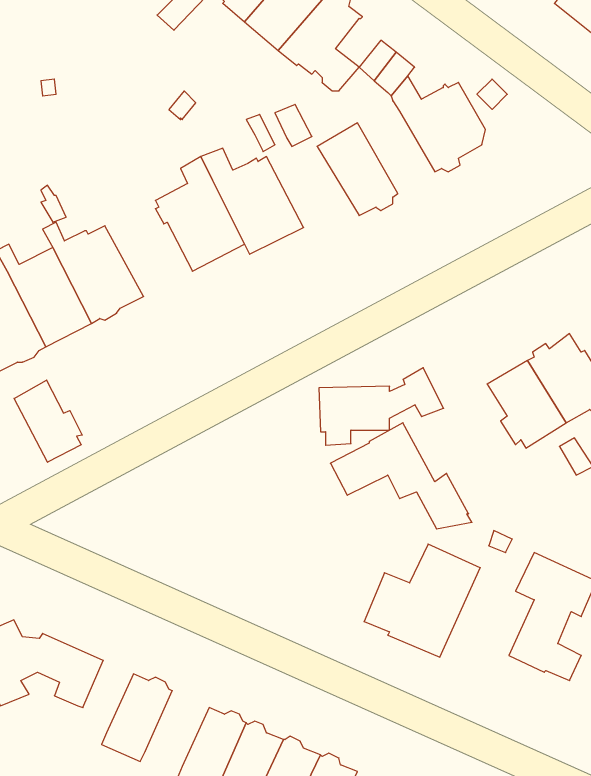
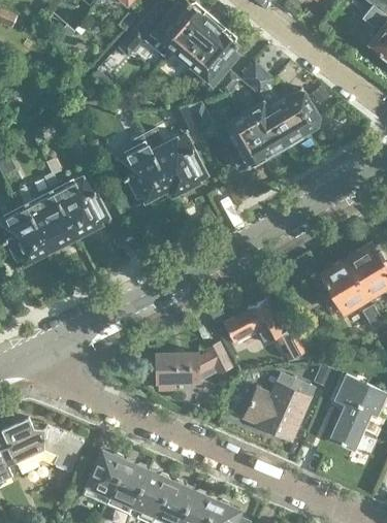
building: none -> [239,100,287,157]
building: [319,368,444,445] -> [155,342,231,390]
building: [14,380,82,462] -> none
building: none -> [106,461,149,509]

